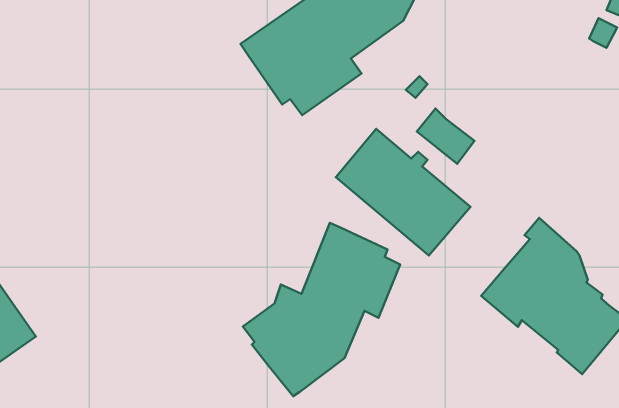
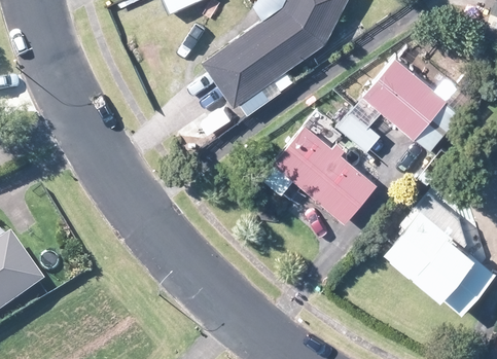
building: none -> [363,59,460,150]
building: [243,223,400,396] -> none

